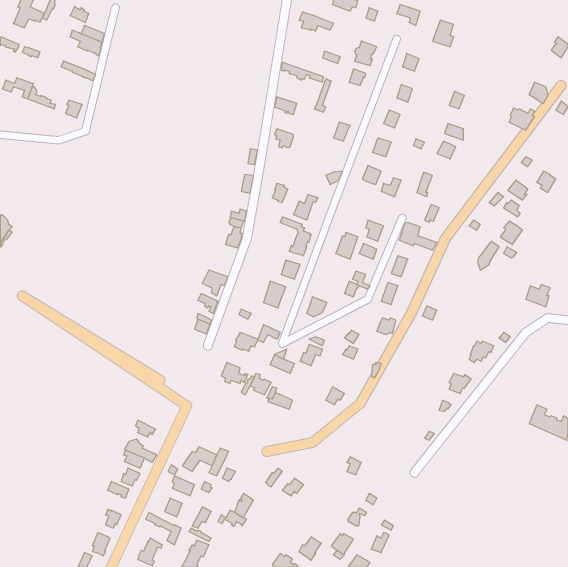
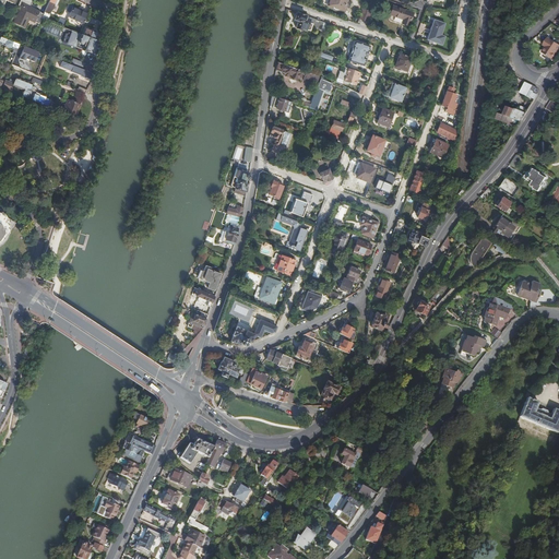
building: none -> [484,297,514,324]

